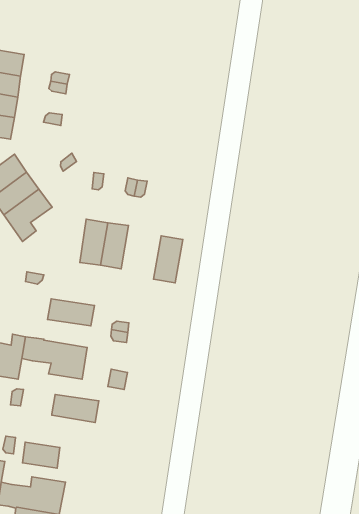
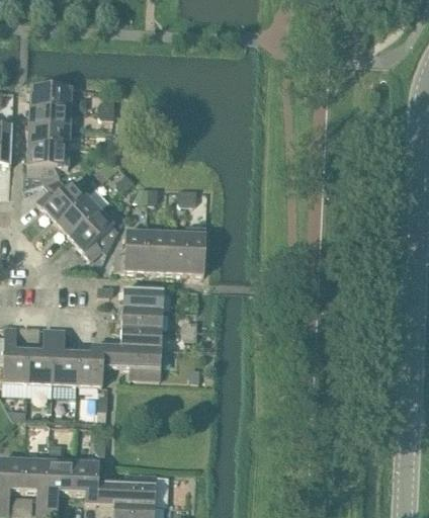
building: none -> [114,230,146,271]
building: [154,236,183,283] -> [183,232,205,273]
building: none -> [122,287,163,309]
building: [52,394,99,422] -> [120,327,162,348]
building: [23,442,60,468] -> none

